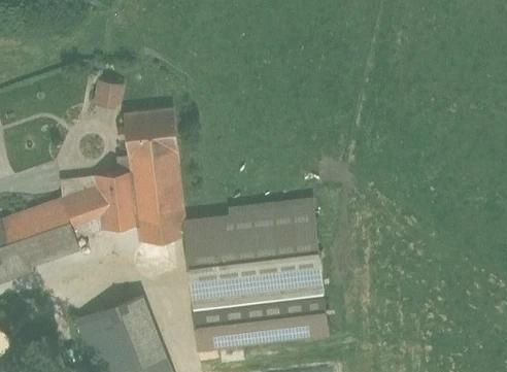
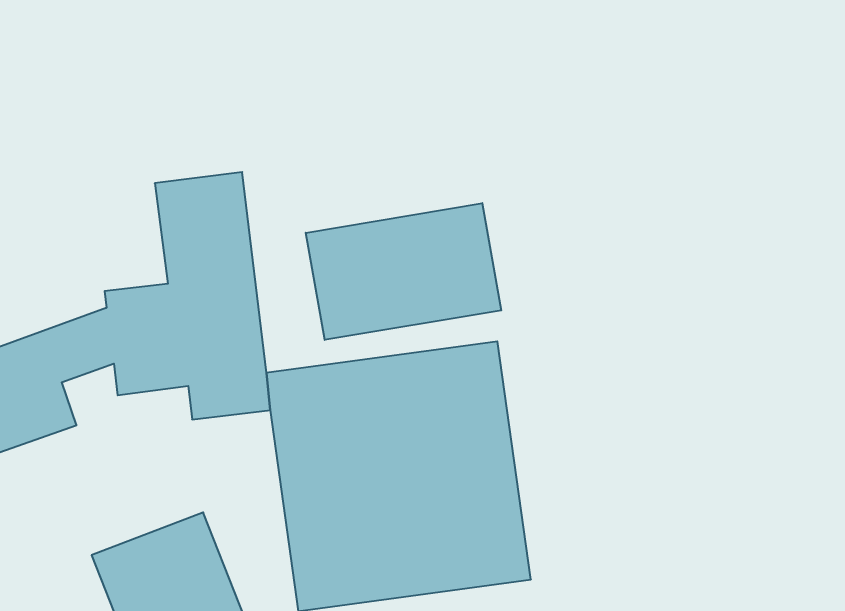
building: [96,76,126,106] -> none
building: none -> [306,203,501,340]

